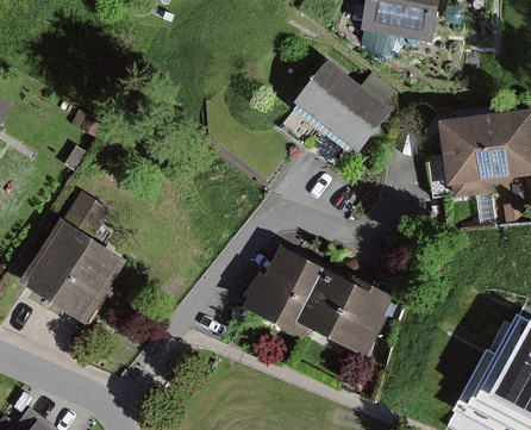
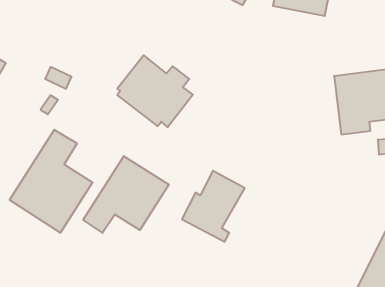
building: [294,60,393,154] -> [117,55,193,127]
building: none -> [83,156,169,233]
building: [295,268,391,356] -> none

